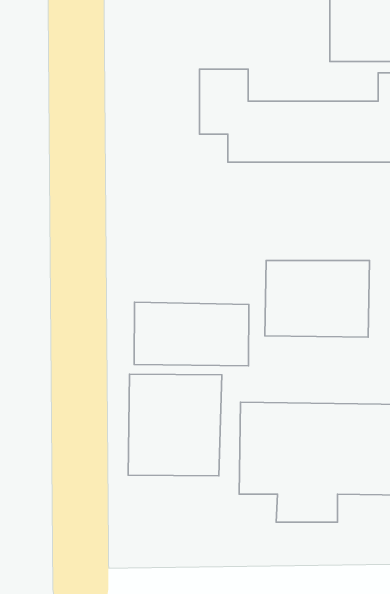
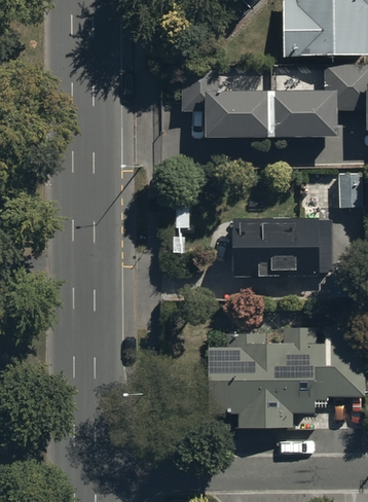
building: [134,302,249,366] -> none
building: [128,374,222,476] -> none

